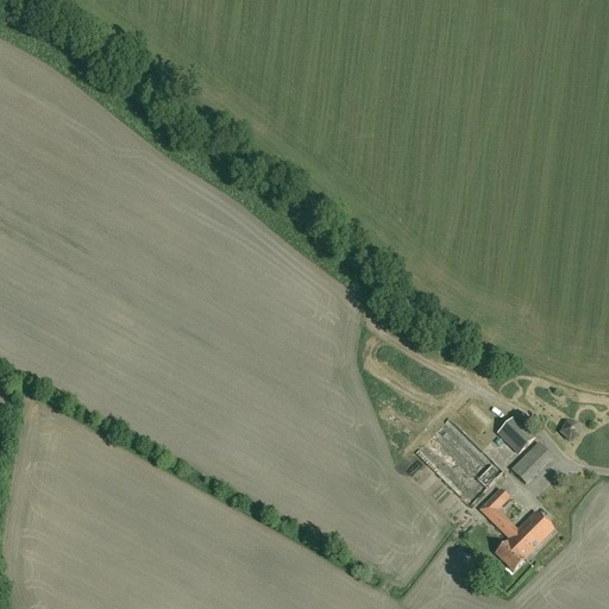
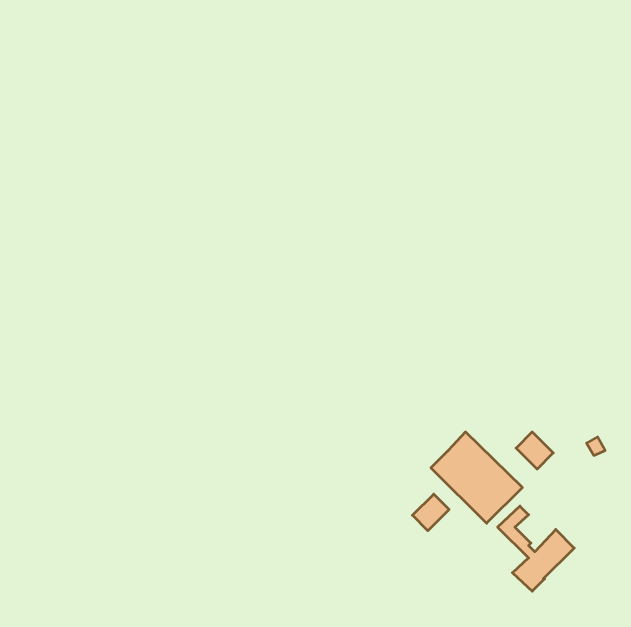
building: [510,441,552,482] -> none
building: none -> [412,494,449,531]

